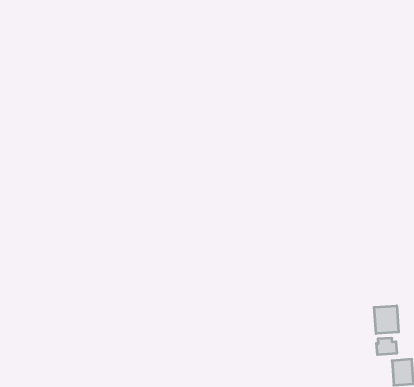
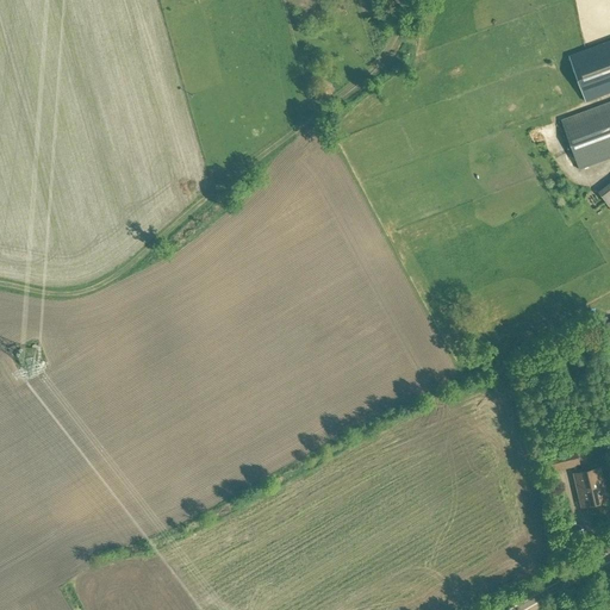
building: [374,306,399,334] -> none

